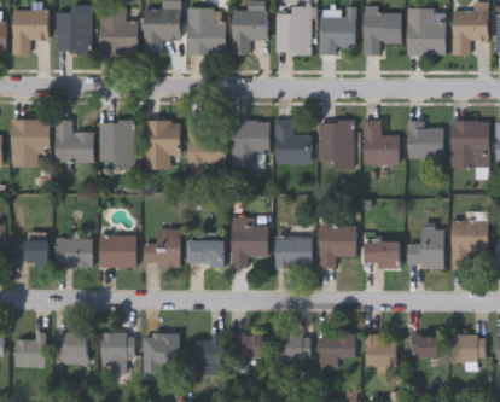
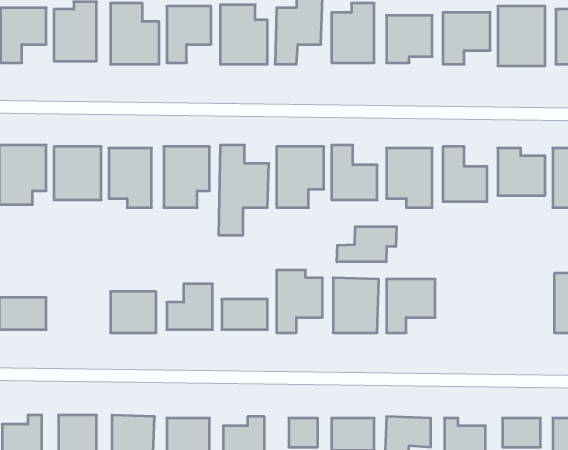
building: none -> [337,226,396,262]
building: [408,228,444,267] -> none
building: [57,238,93,267] -> none
building: [364,240,401,266] -> none

